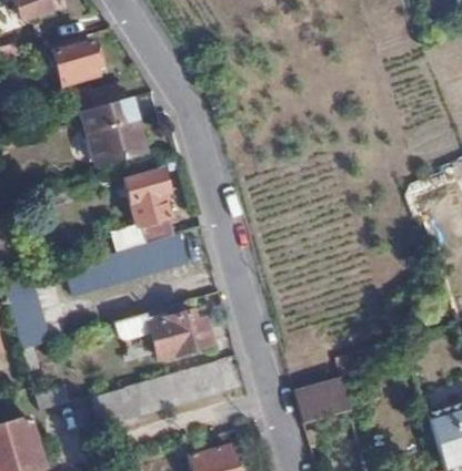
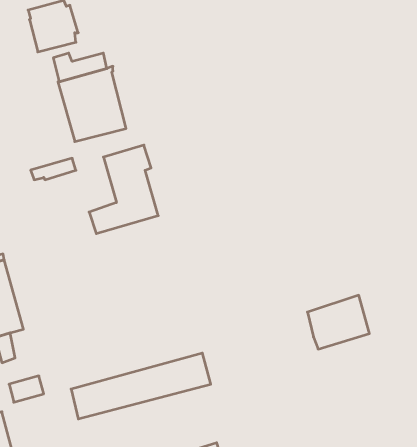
building: [68,234,190,297] -> none
building: [148,301,212,359] -> none
building: [293,371,351,421] -> [307,295,369,349]

